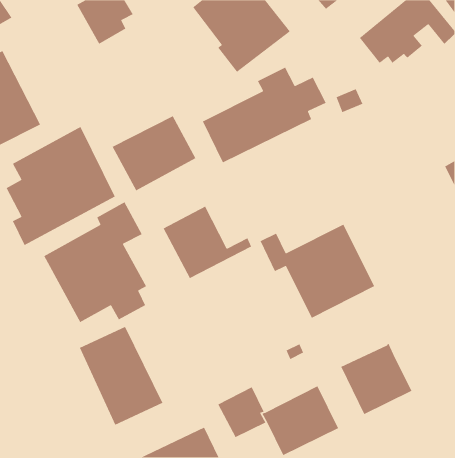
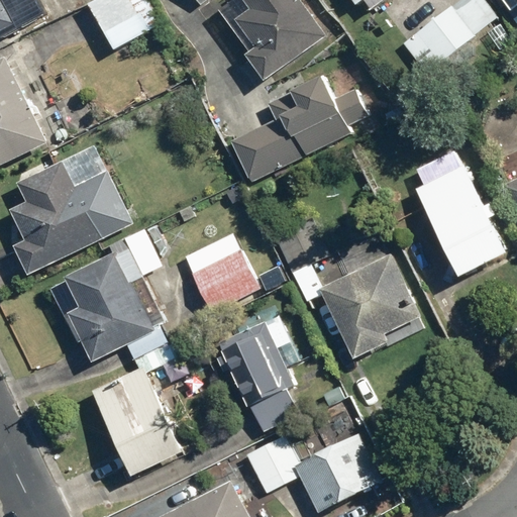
building: [112,115,197,192] -> none
building: none -> [412,149,508,282]
building: none -> [214,315,299,436]
building: [340,343,412,415] -> none

